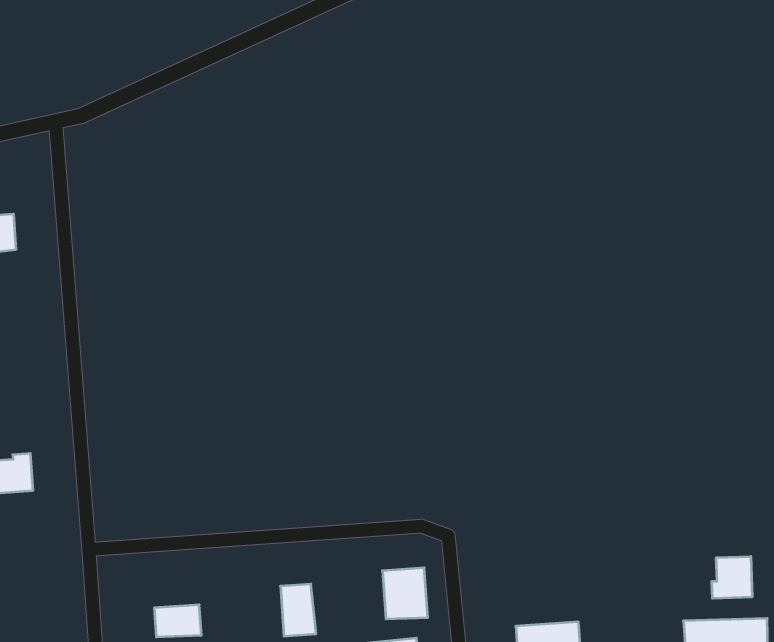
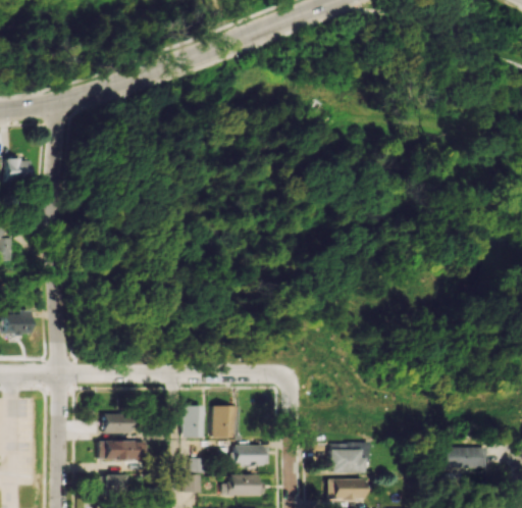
building: [712,556,752,598] -> none
building: [382,568,428,619] -> [212,406,239,438]

